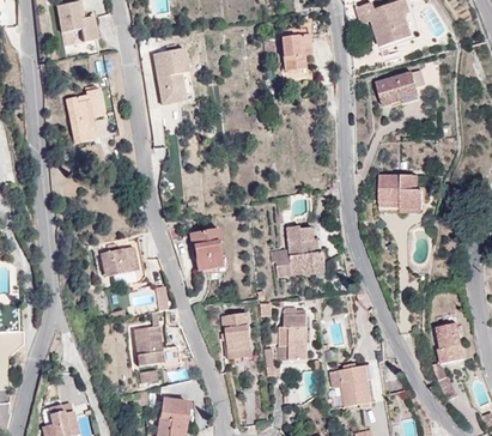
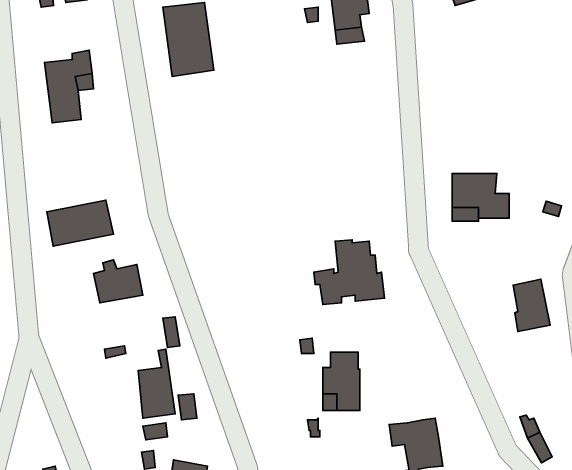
building: [381,78,419,102] -> none
building: none -> [47,200,113,246]
building: [190,229,221,270] -> none
building: [221,313,254,358] -> none
building: [437,322,466,363] -> [513,279,550,331]

